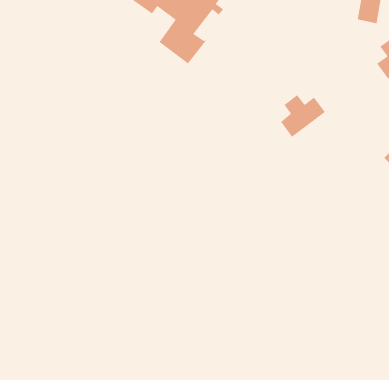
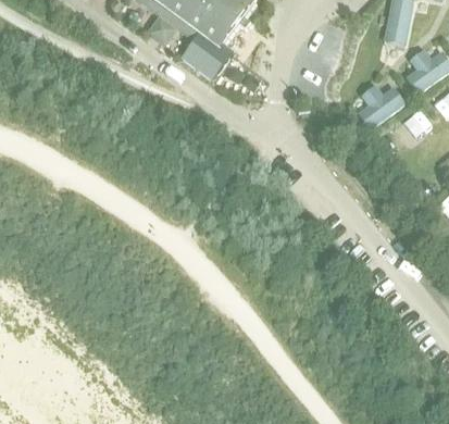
building: [280,94,326,138] -> [358,85,404,129]

